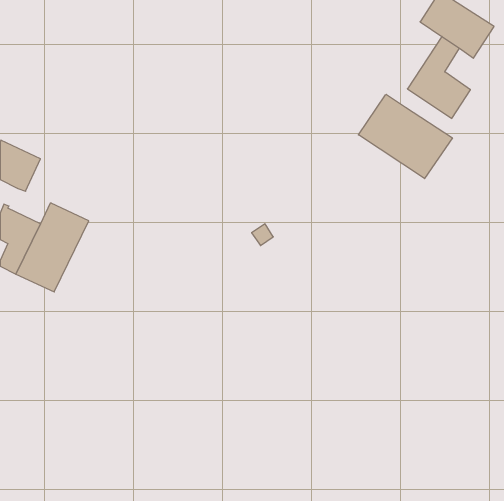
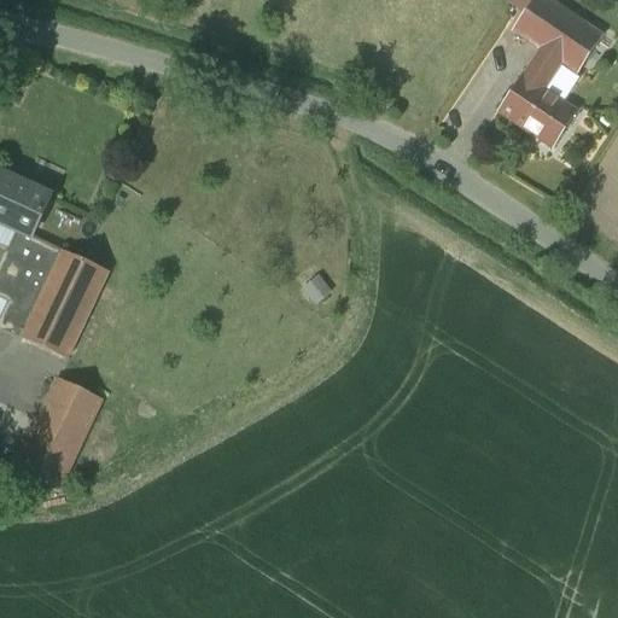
building: [358,94,452,179] -> none
building: none -> [10,231,62,274]
building: none -> [13,377,101,489]

